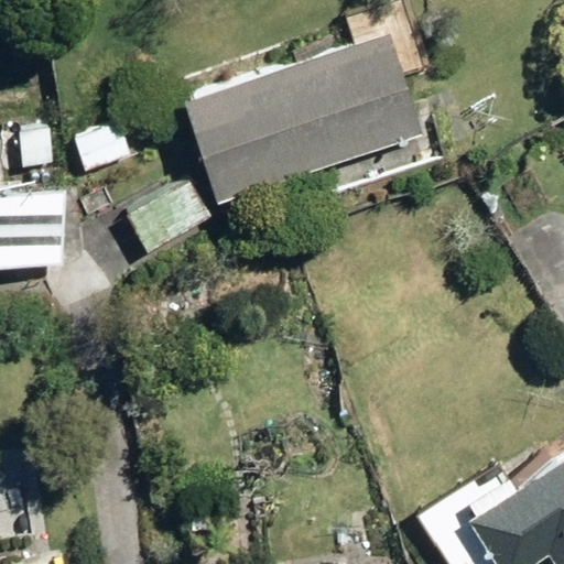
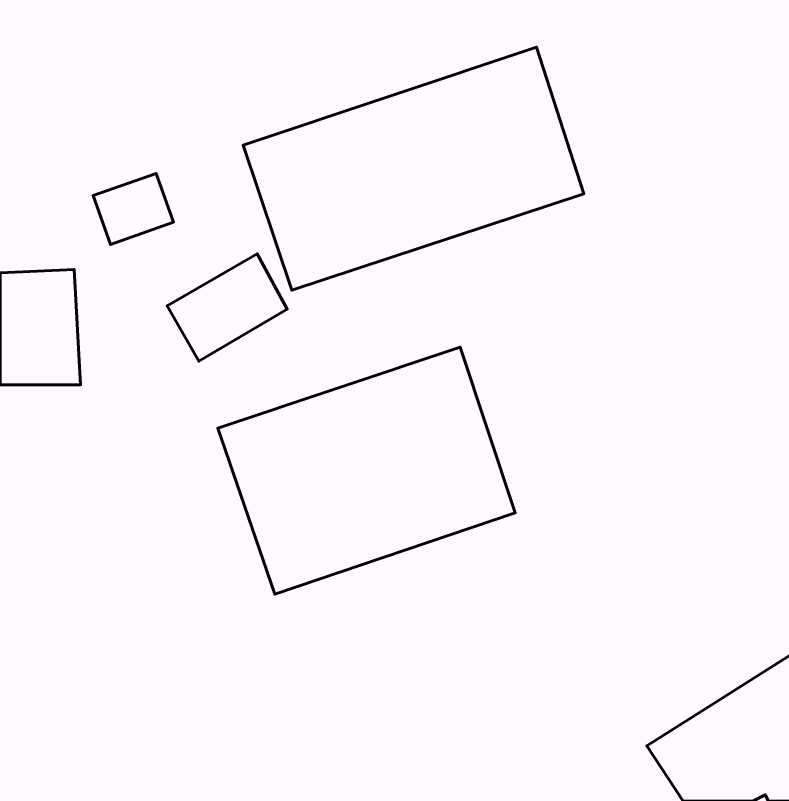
building: none -> [218,347,515,594]

